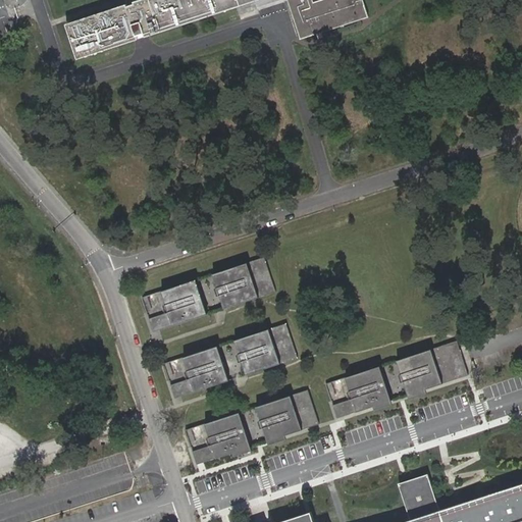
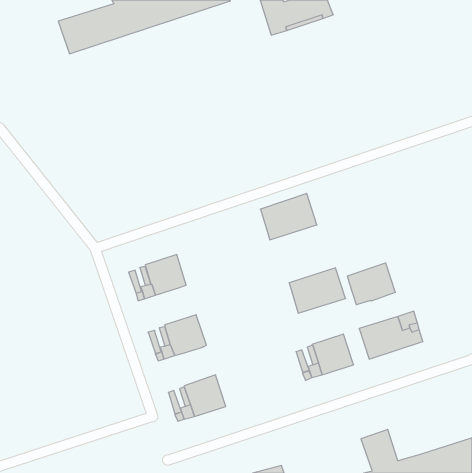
building: [212,258,274,309] -> [260,193,317,240]
building: none -> [348,263,395,305]
building: [233,325,296,375] -> [289,268,346,313]
building: [255,392,317,441] -> none

